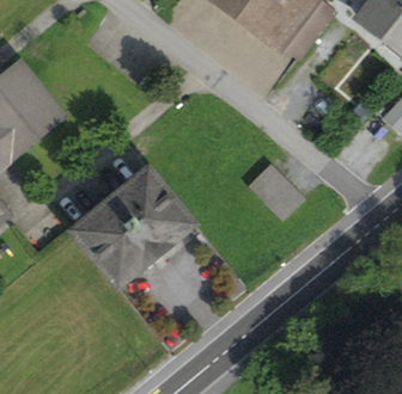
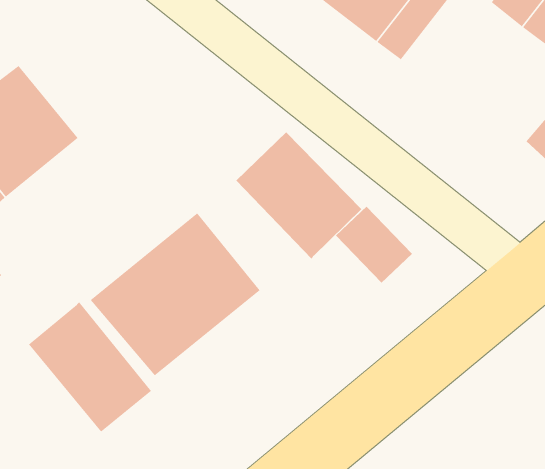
building: none -> [235,132,362,259]
building: none -> [28,302,152,433]

